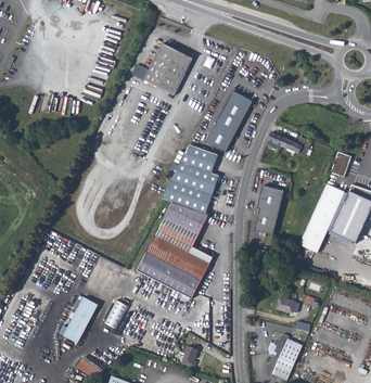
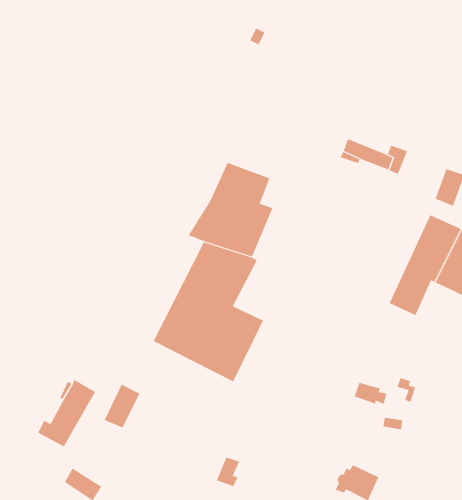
building: [141,44,189,95] -> none
building: [205,92,252,153] -> none
building: [255,184,284,233] -> none
building: [272,332,302,362] -> none

